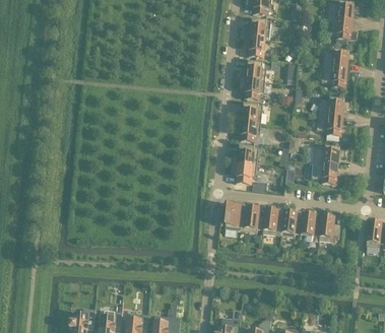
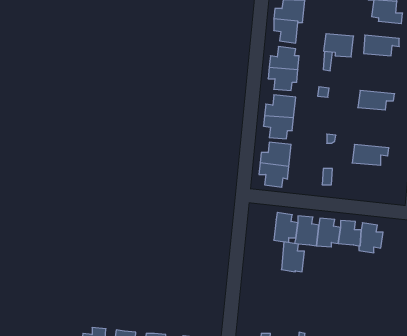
building: [321,66,347,86] -> [324,34,354,57]
building: [317,114,342,135] -> none
building: [312,162,338,183] -> none
building: [226,204,246,230] -> [281,242,304,272]

